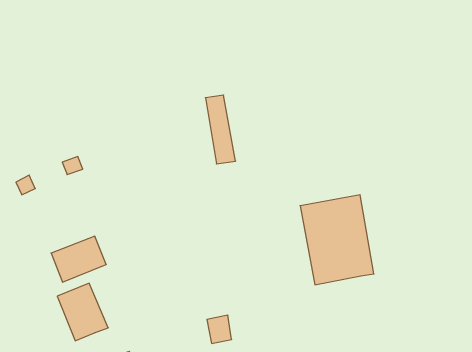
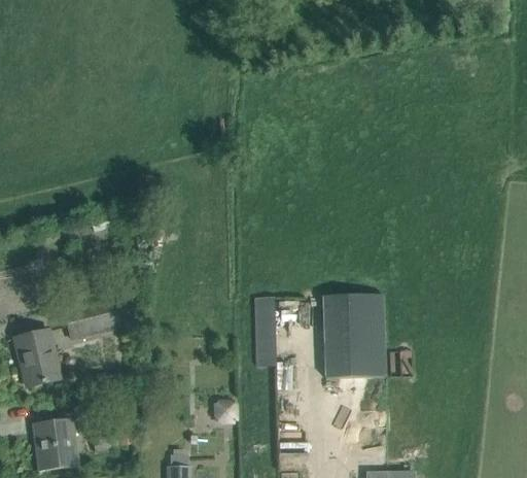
building: [205,95,236,164] -> [253,296,274,364]
building: [57,283,108,341] -> [16,331,63,386]

